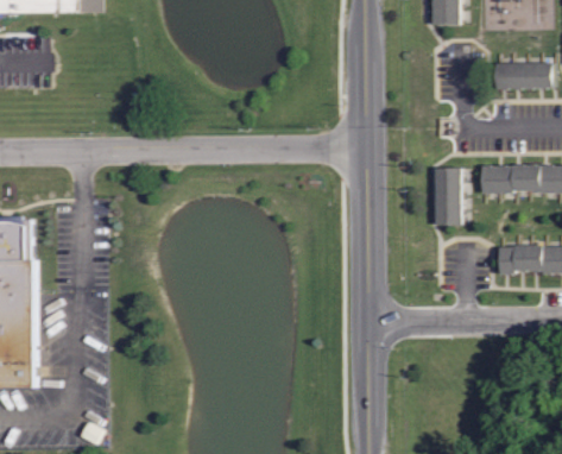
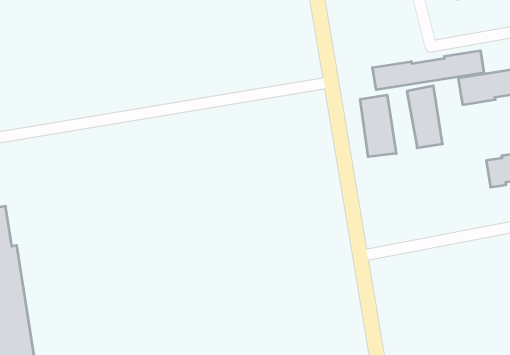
building: none -> [373,51,484,90]
building: none -> [360,95,396,157]

